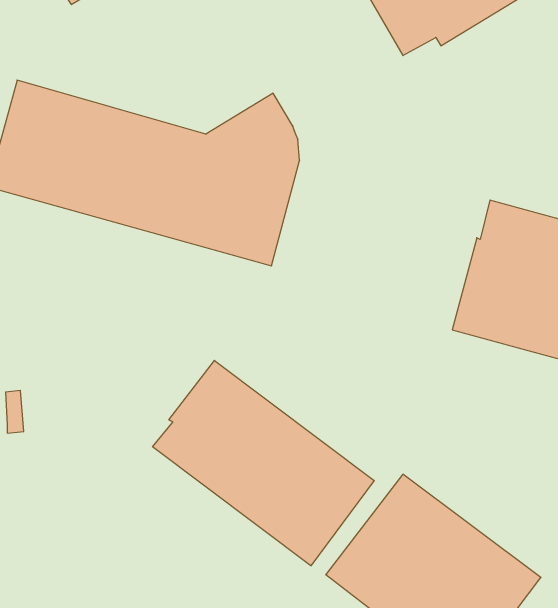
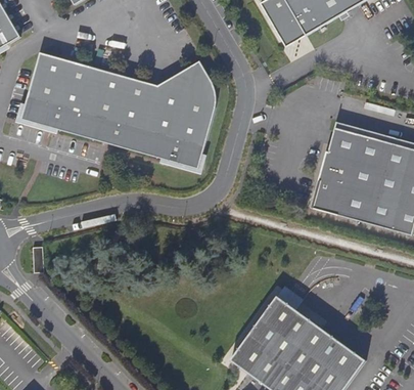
building: [153,360,374,566] -> none

